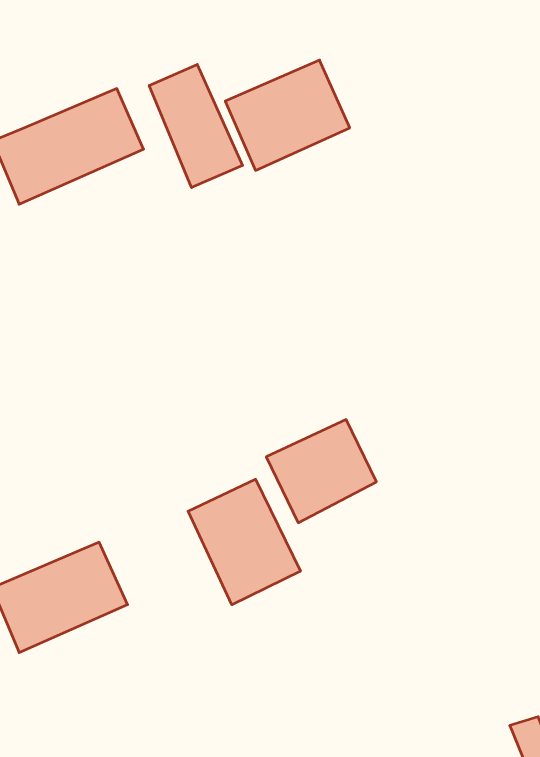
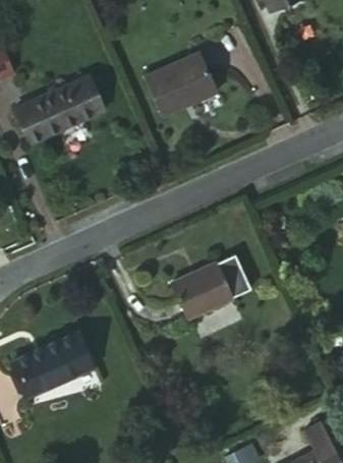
building: [149,64,243,188] -> none
building: [188,479,300,605] -> none

